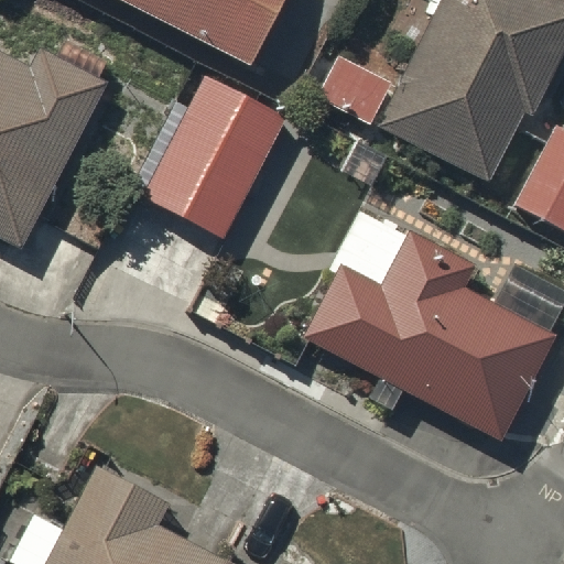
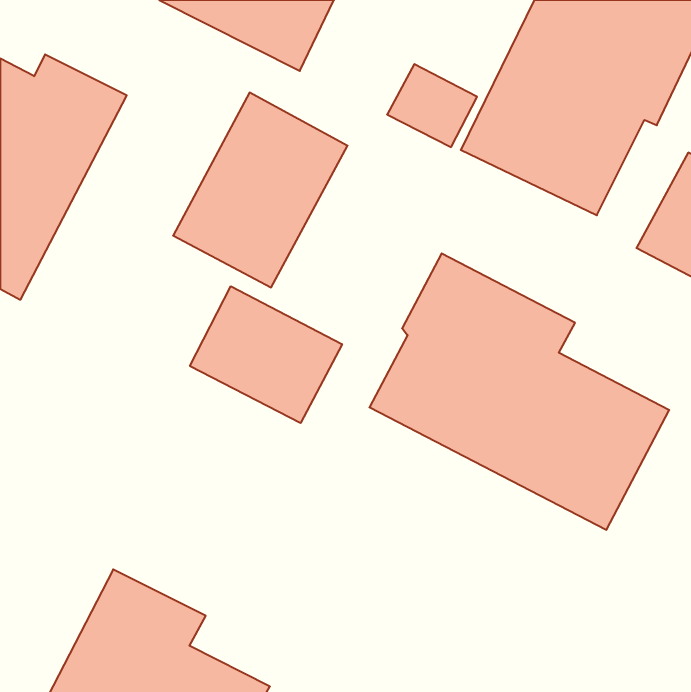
building: none -> [190,286,342,423]

